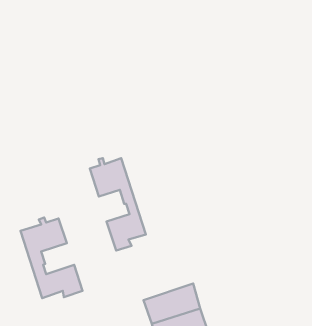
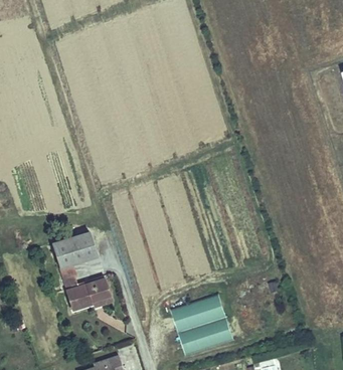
building: [90,158,146,251] -> none

